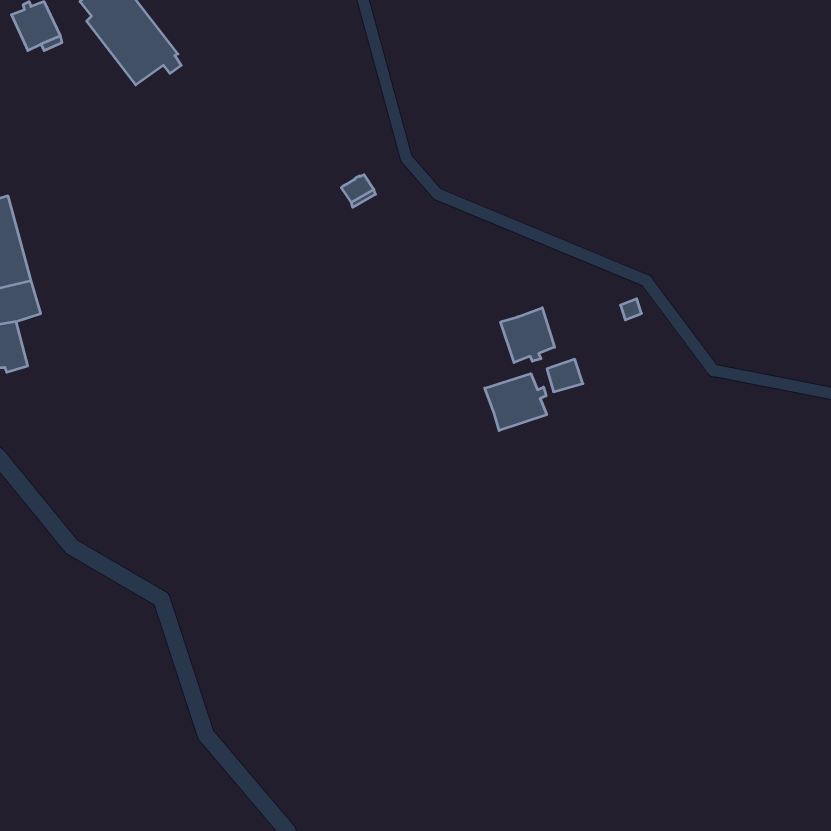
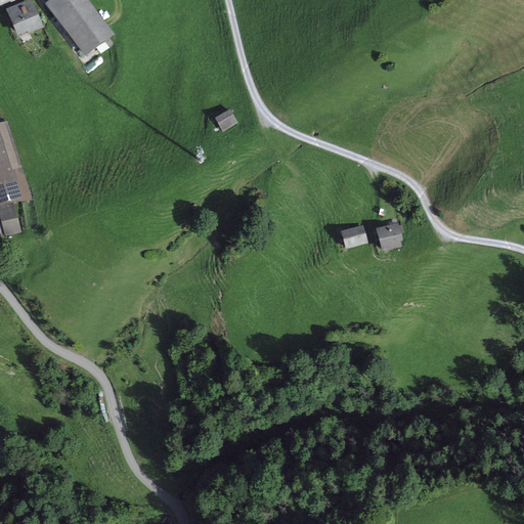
building: [501,308,555,363] -> none
building: none -> [377,223,402,249]
building: [485,374,547,431] -> none

